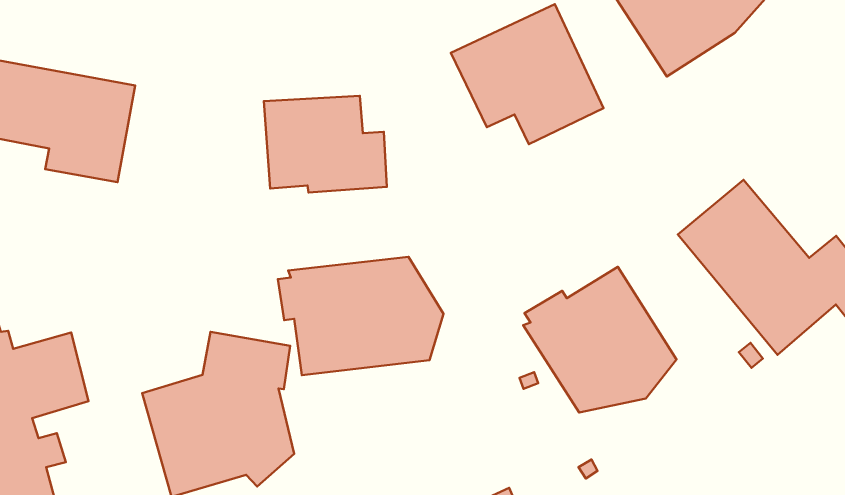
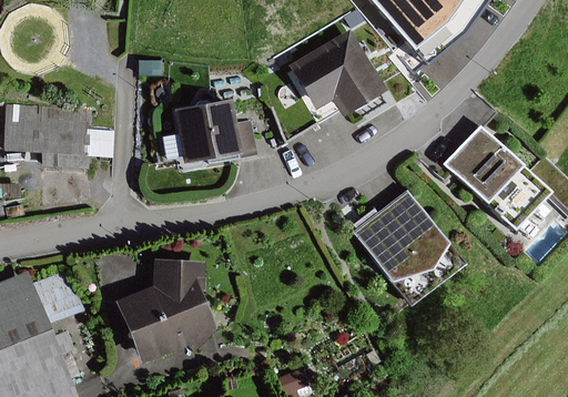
building: [278,257,443,375] -> none

